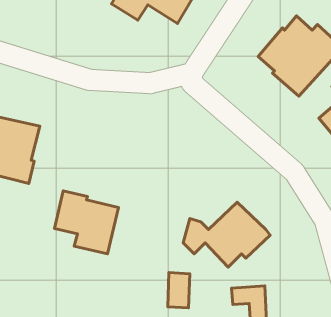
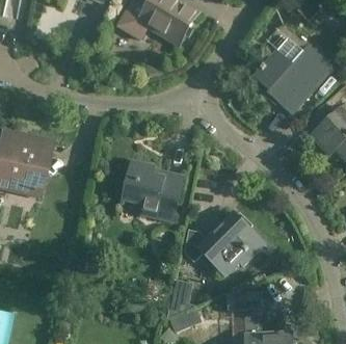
building: [54,191,118,254] -> [122,161,182,220]

